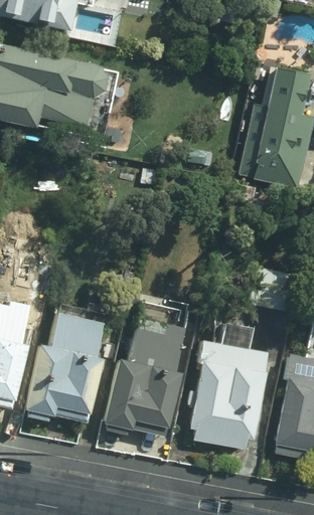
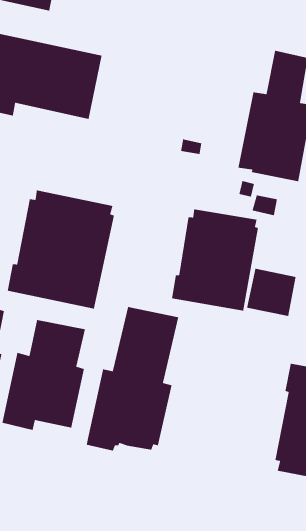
building: none -> [7,190,115,310]
building: none -> [171,208,259,312]
building: [187,324,268,450] -> none

